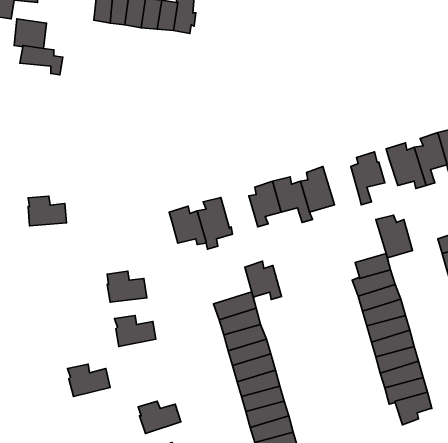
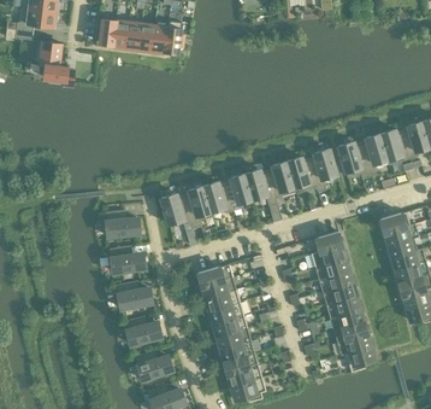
building: [28,196,66,226] -> [106,212,137,236]
building: [376,215,413,258] -> [287,158,317,193]
building: [245,261,282,300] -> [203,182,234,214]
building: [67,364,110,396] -> [125,319,160,345]

